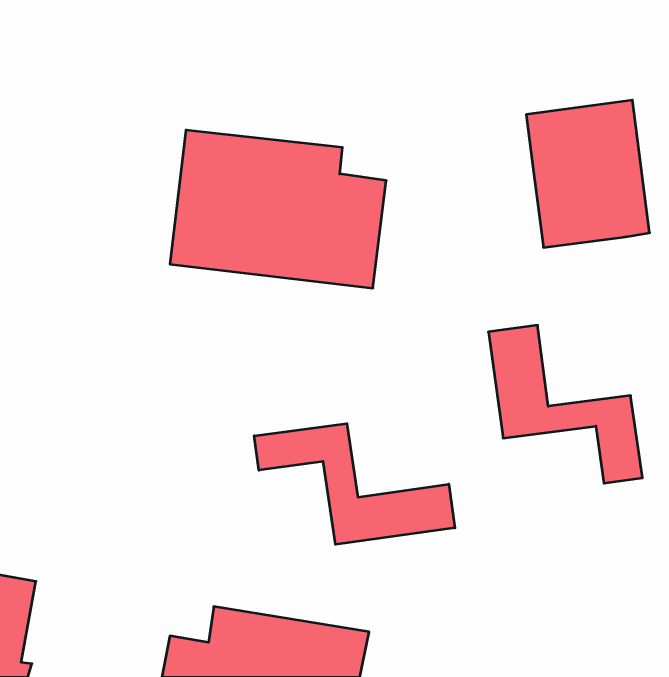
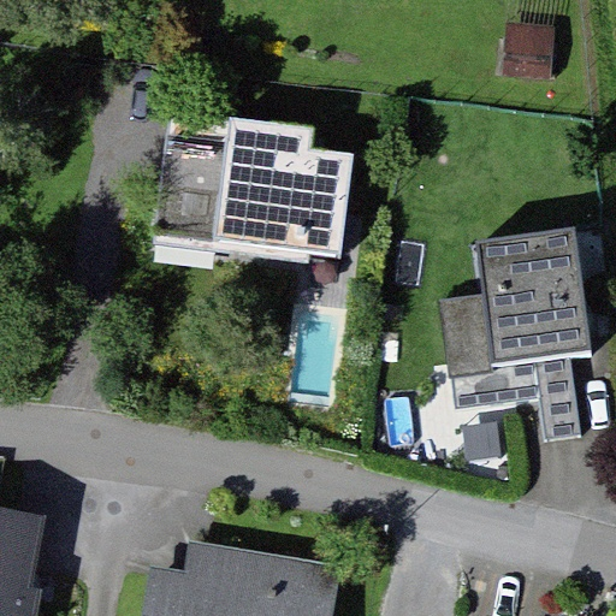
building: [526,100,650,247] -> [481,235,593,368]
building: [254,424,455,544] -> none

